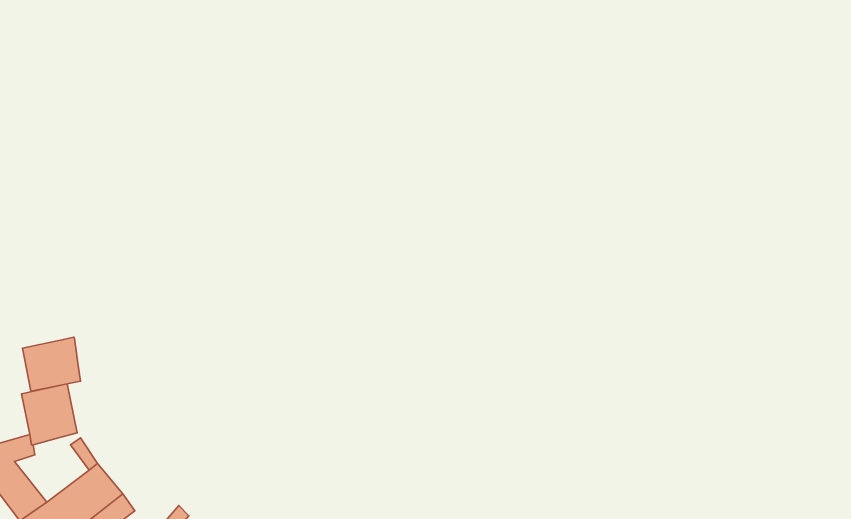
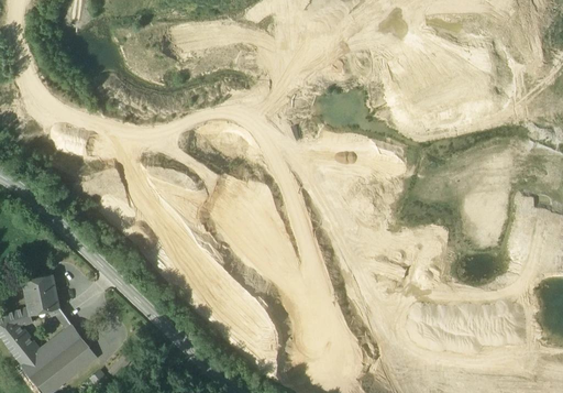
building: [23,337,80,391] -> none

